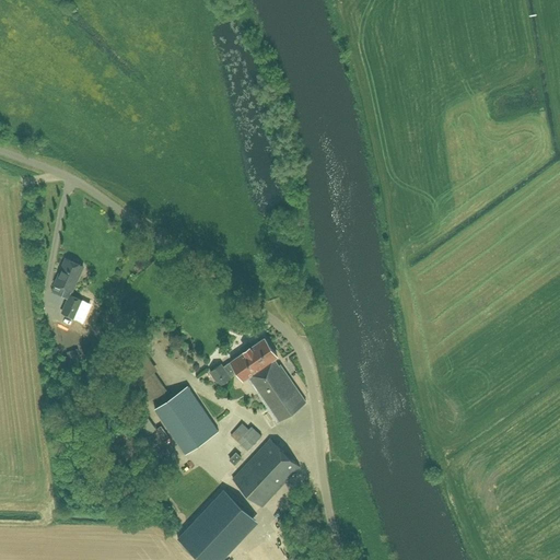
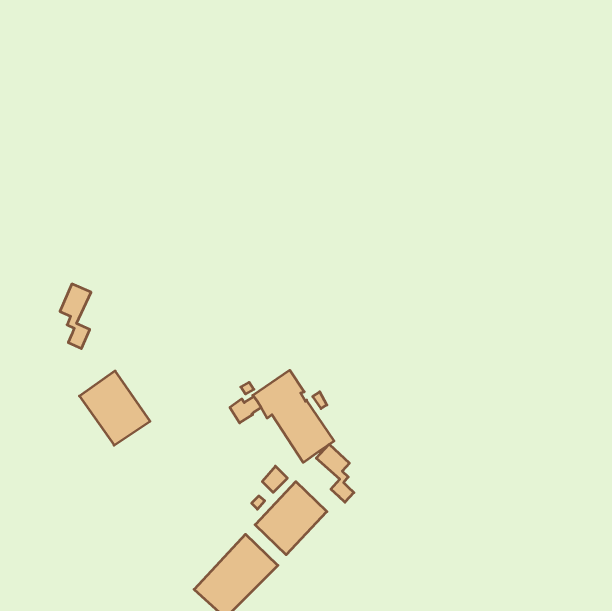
building: [154,386,219,454] -> [79,371,150,445]
building: none -> [316,444,354,502]

